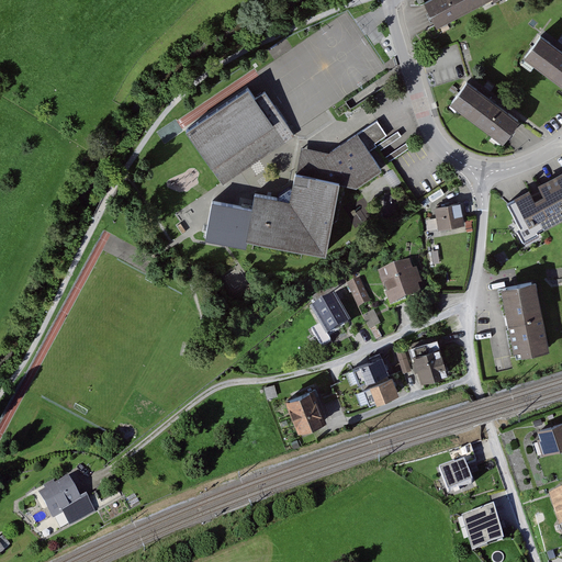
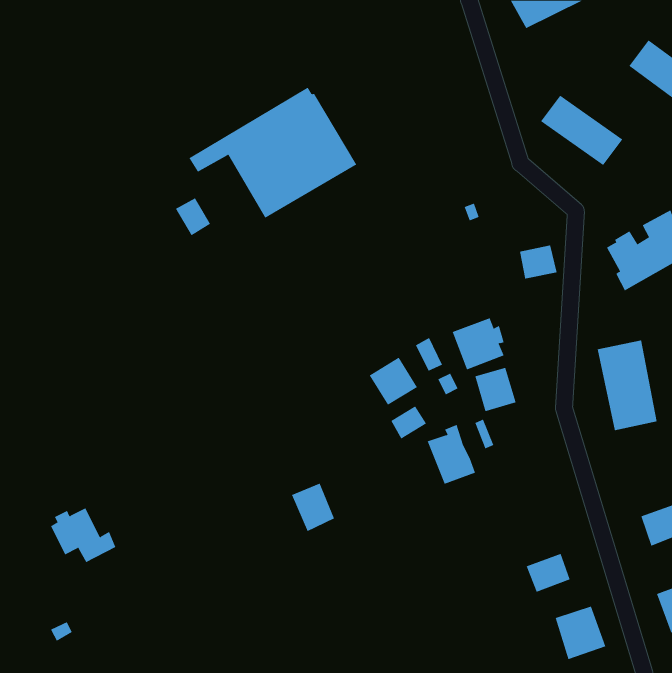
building: [206,122,389,252] -> none
building: none -> [175,198,211,236]
building: none -> [390,406,427,440]
building: [415,344,450,381] -> [474,367,517,412]
building: [289,391,325,431] -> [291,483,335,532]
building: [38,479,93,525] -> [50,508,116,563]

